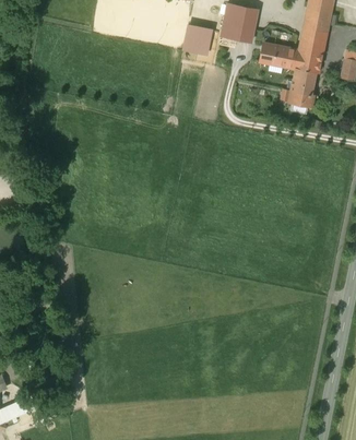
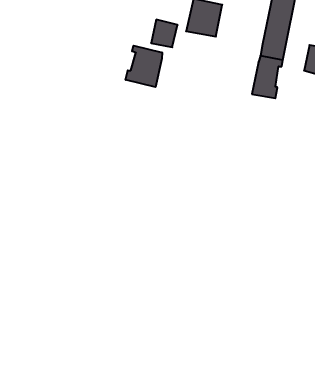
building: [261,44,299,69] -> none
building: none -> [126,46,162,87]

